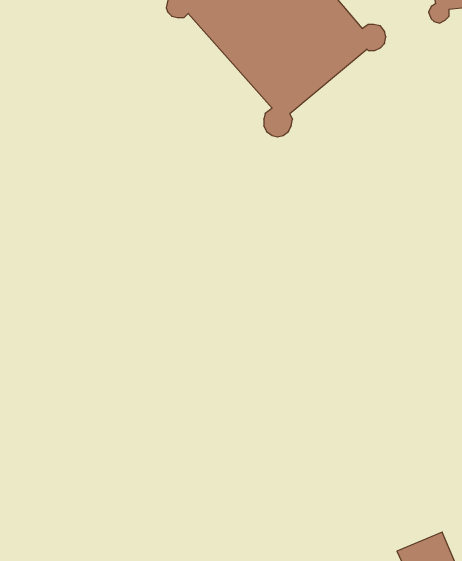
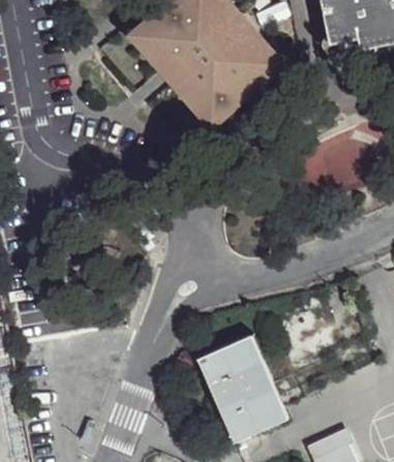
building: none -> [200,338,286,440]

